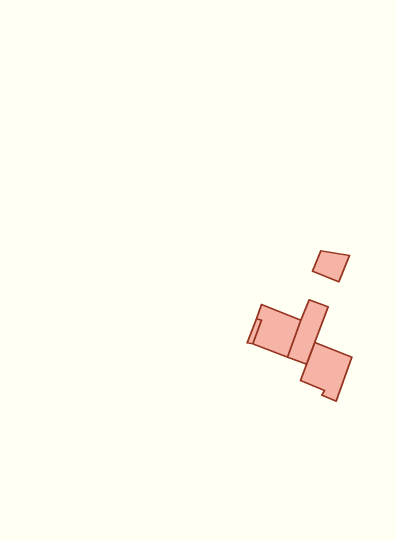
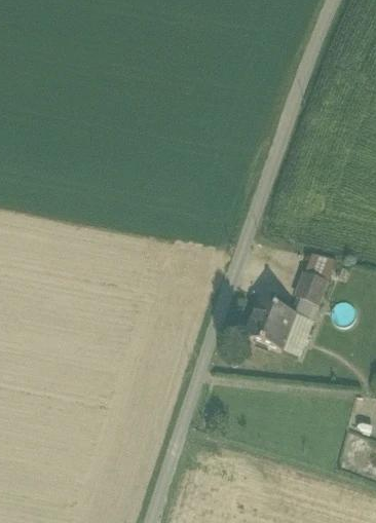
building: none -> [295,269,326,300]
building: [301,342,352,401] -> none

